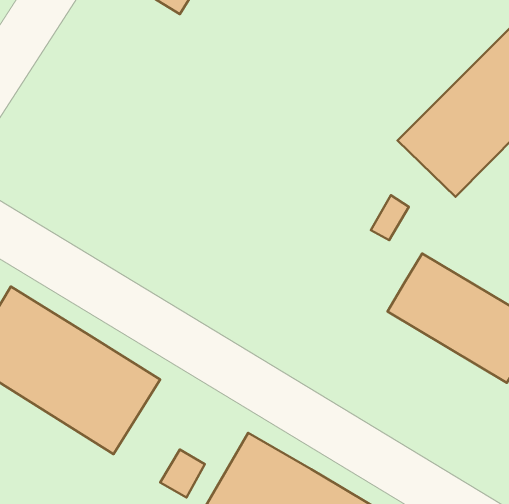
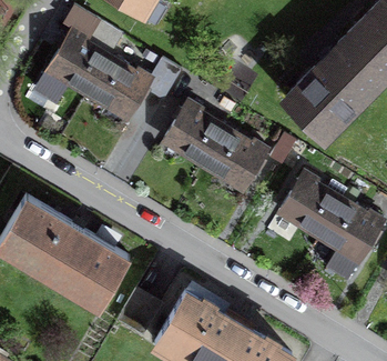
building: none -> [35,20,181,119]
building: none -> [163,102,267,190]

